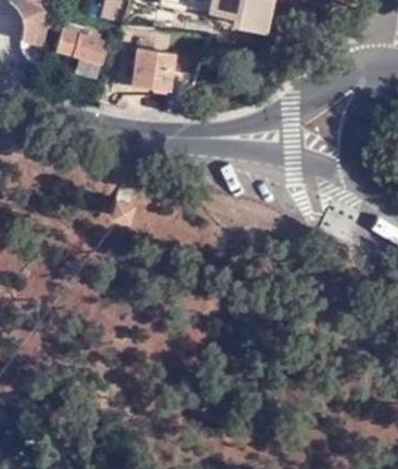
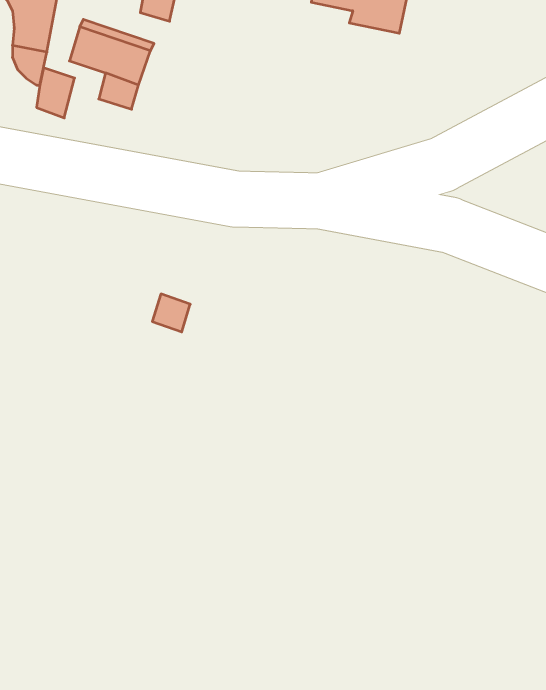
building: [131,49,176,90] -> none

